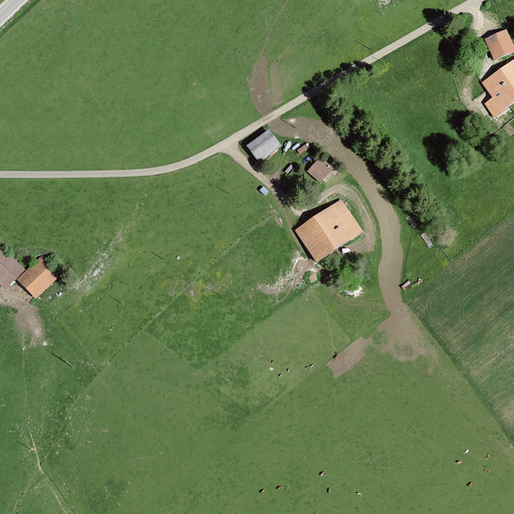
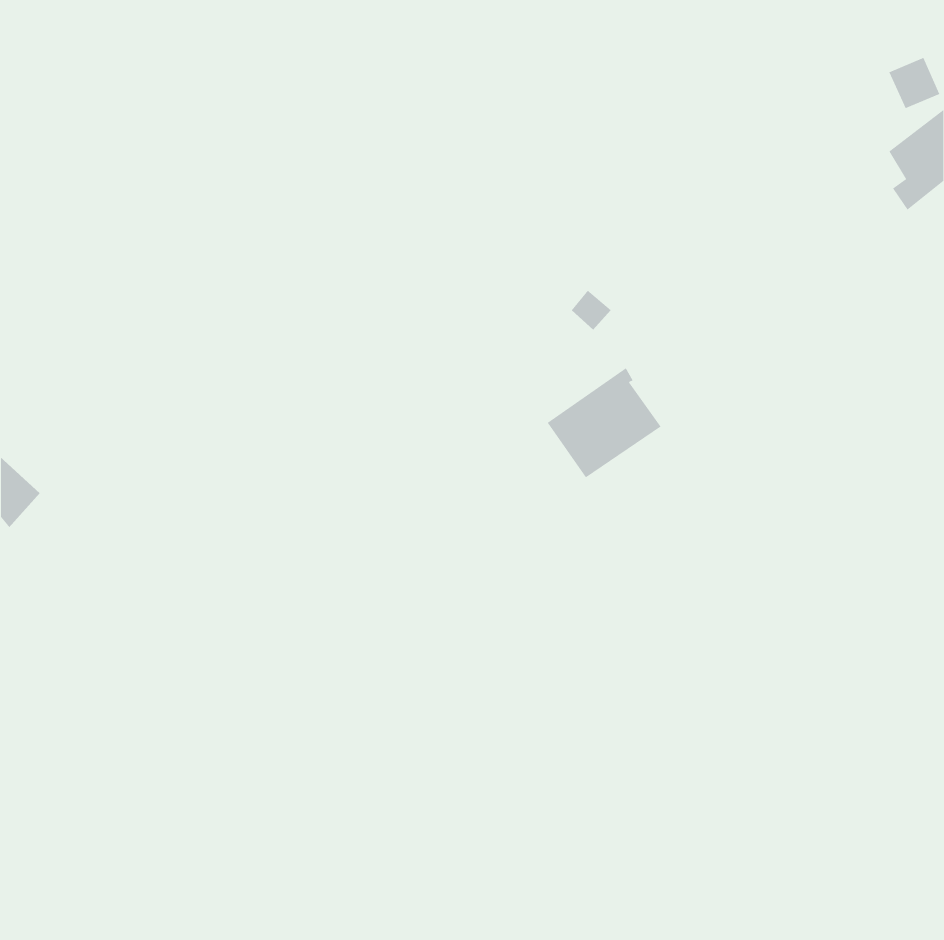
building: [248,130,280,161] -> none
building: [19,257,57,295] -> none

